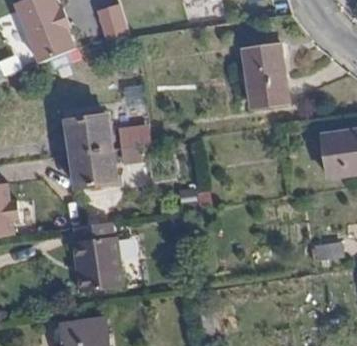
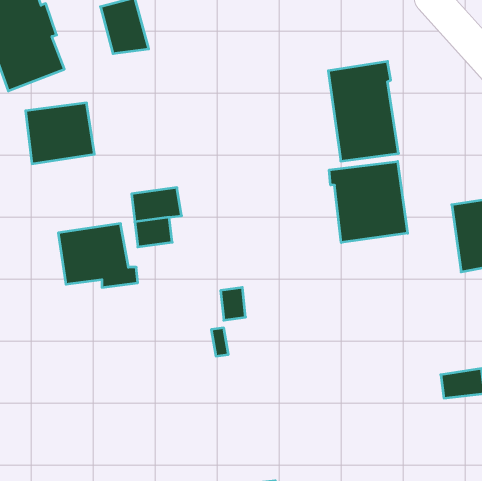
building: none -> [329,161,408,243]
building: [66,114,110,153] -> [26,103,94,164]
building: [71,220,122,291] -> none

